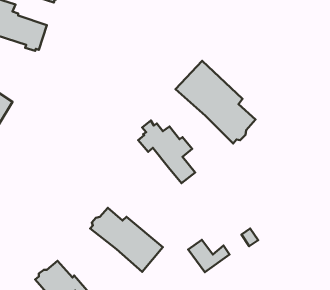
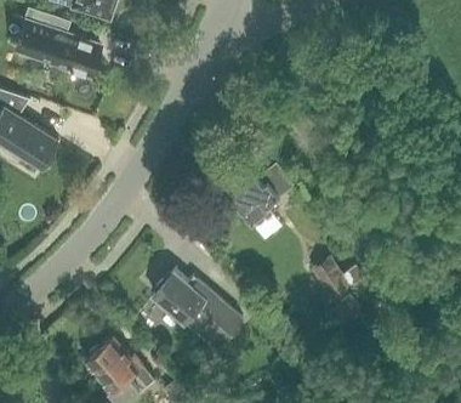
building: [176,61,255,144] -> none
building: [188,240,229,272] -> [312,260,363,300]

